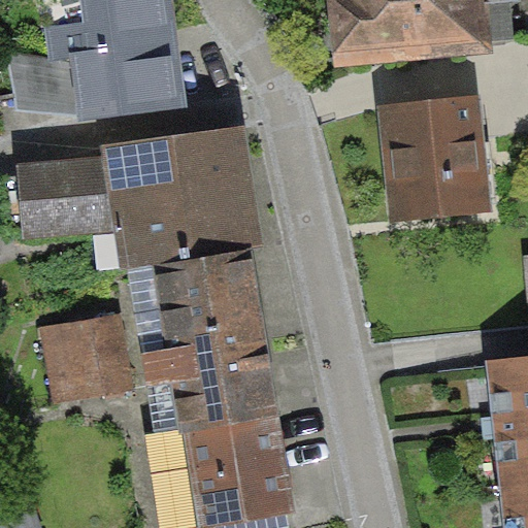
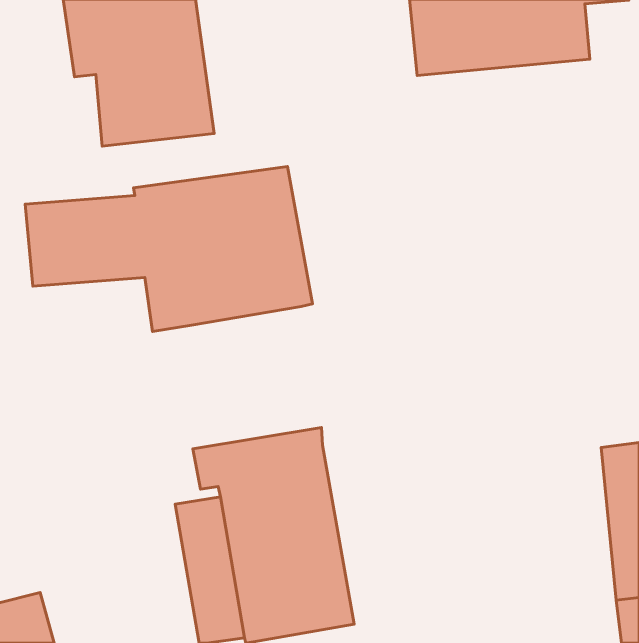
building: [5,51,84,120] -> none
building: [382,99,486,222] -> none
building: [157,251,263,367] -> none
building: [45,310,131,397] -> none

